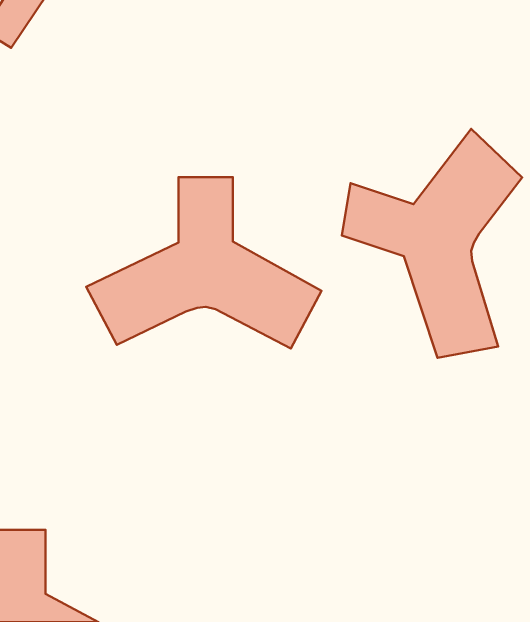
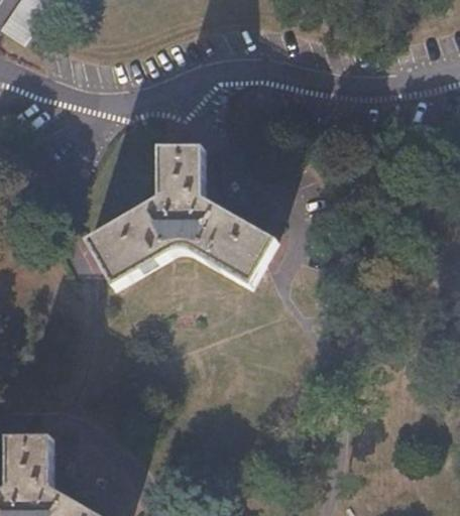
building: [342,129,522,358] -> none

